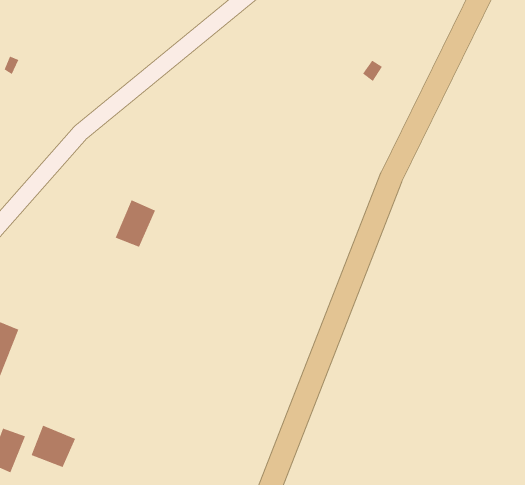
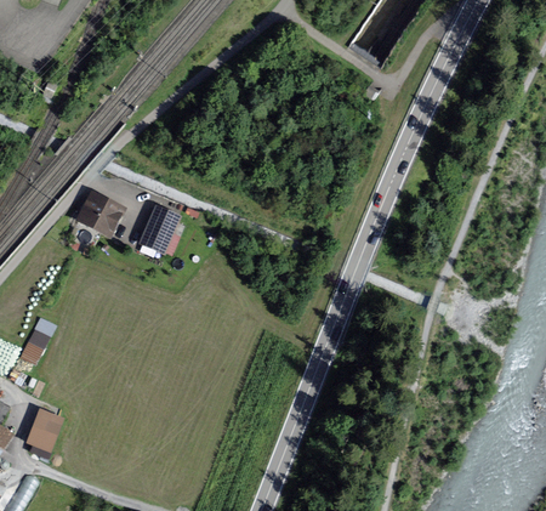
building: none -> [81,199,119,232]
building: [31,425,76,468] -> none

